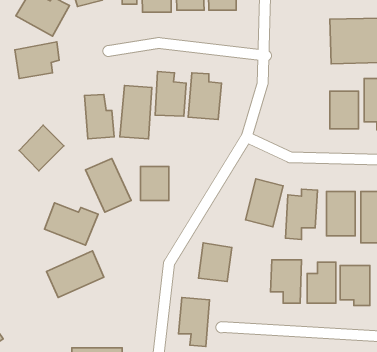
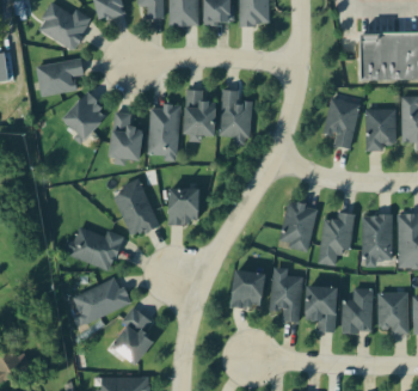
building: none -> [325,98,359,148]
building: [19,125,64,171] -> [62,91,109,139]
building: none -> [109,310,154,365]
building: [179,297,209,346] -> [270,270,302,322]

